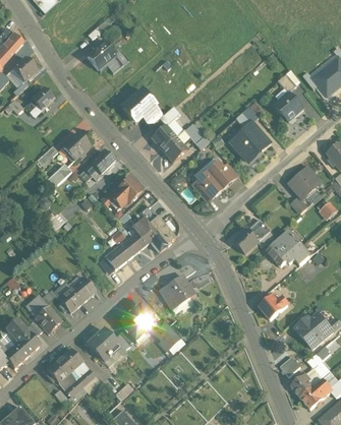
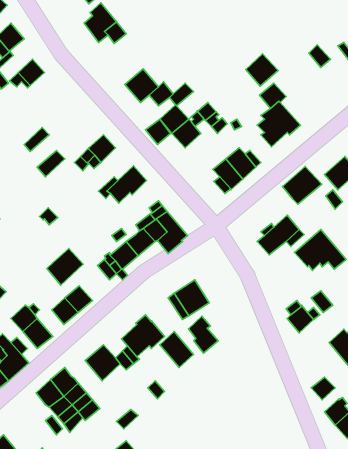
building: [276,95,303,122] -> [246,54,278,86]
building: [62,132,91,160] -> none
building: none -> [282,167,322,204]
building: none -> [47,249,83,285]
building: none -> [188,316,218,353]

